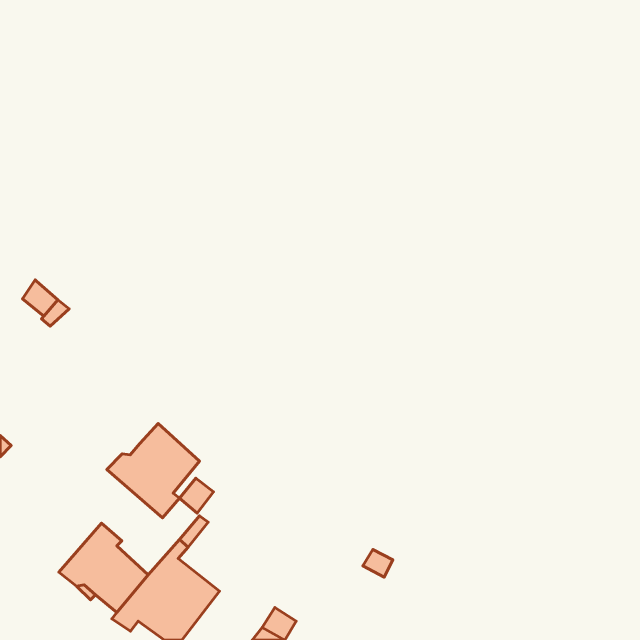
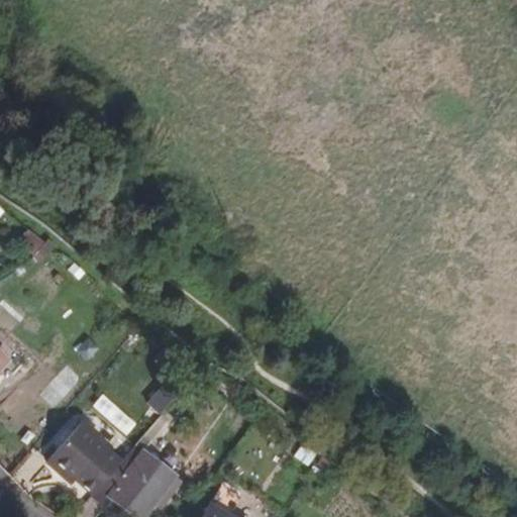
building: [107,424,199,518] -> none

